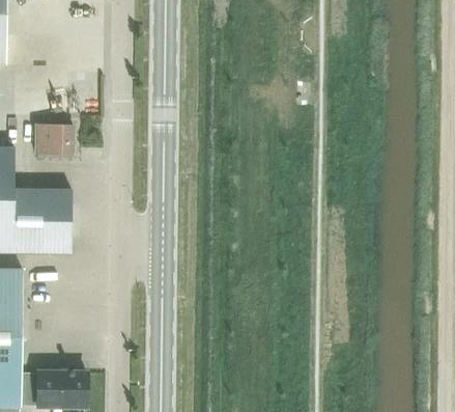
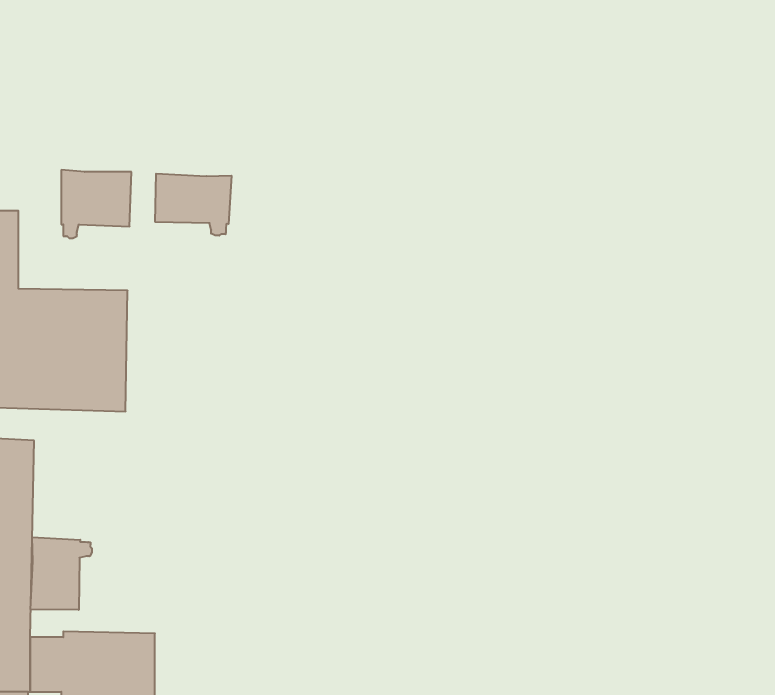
building: none -> [155,174,231,236]
building: none -> [31,537,92,610]

